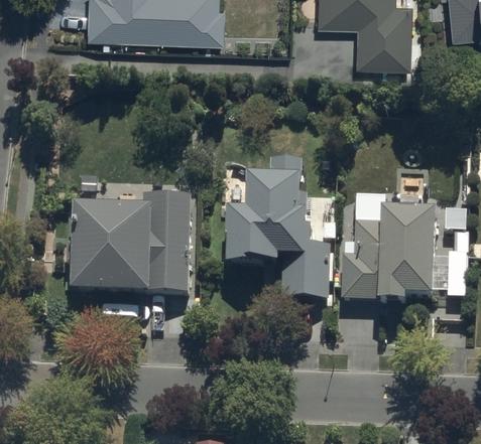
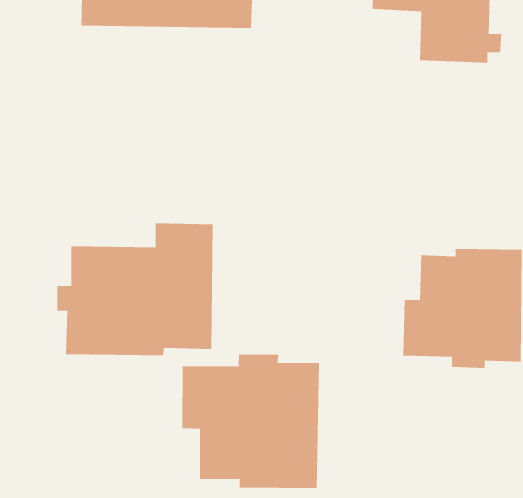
building: [229,161,331,303] -> none
building: none -> [182,354,319,489]

